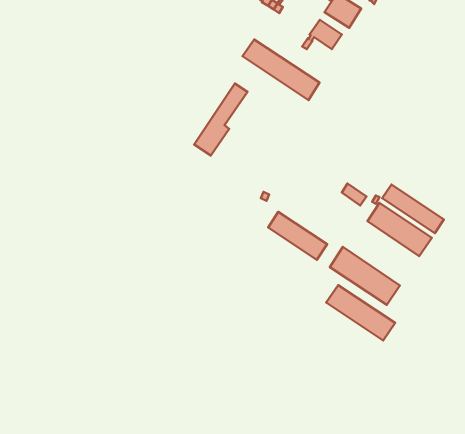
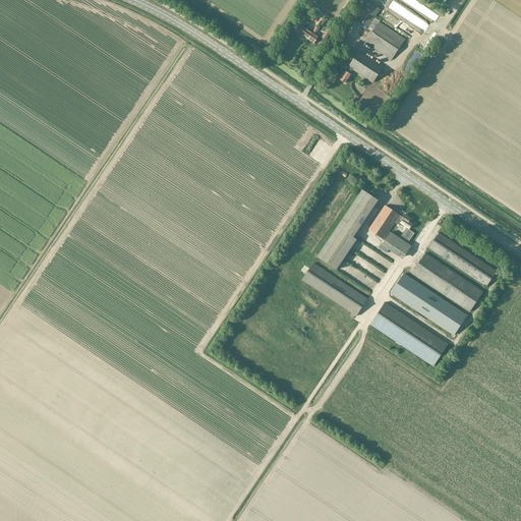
building: [243,40,320,100] -> none
building: [194,84,248,155] -> [317,189,377,269]
building: none -> [368,205,415,240]
building: [326,285,395,340] -> [391,274,467,335]

